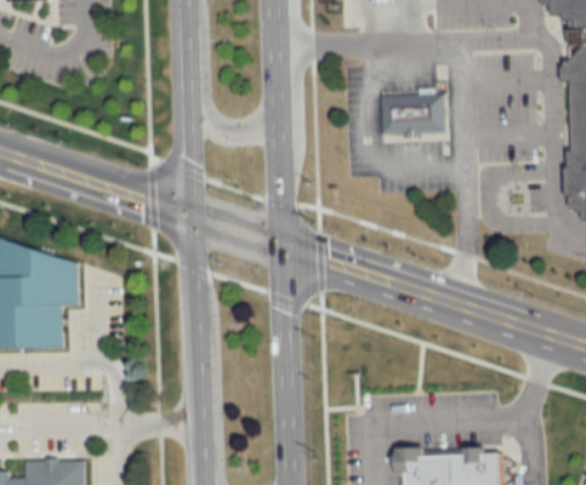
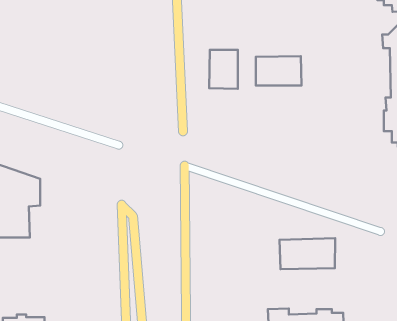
building: none -> [209,50,238,89]
building: none -> [279,238,335,269]

